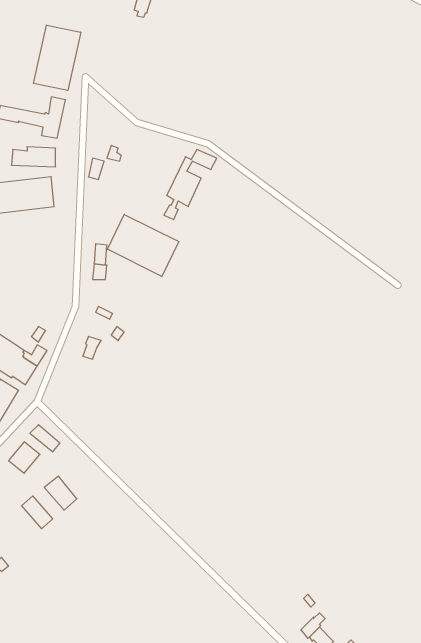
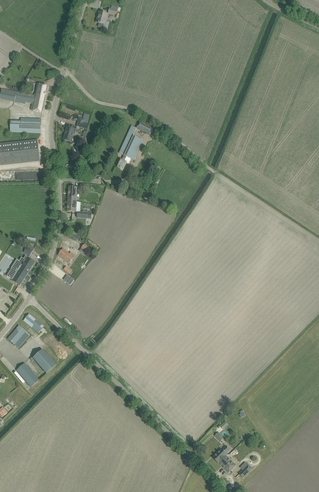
building: [33,25,81,90] -> none
building: [107,214,179,277] -> none

